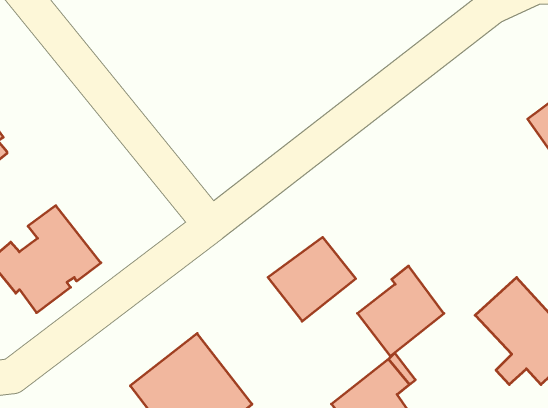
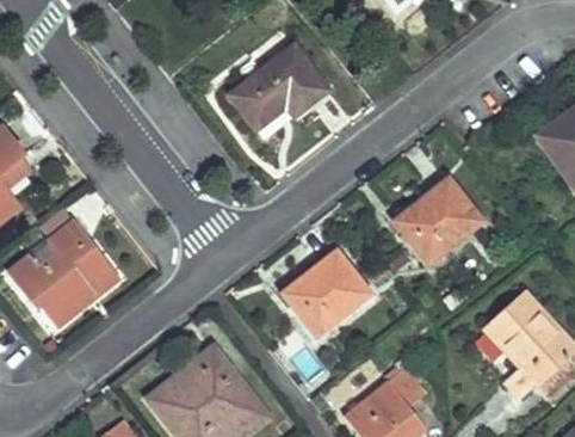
building: none -> [230,45,328,128]
building: [357,266,444,356] -> [395,174,480,263]

